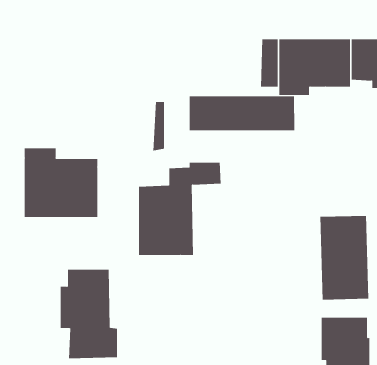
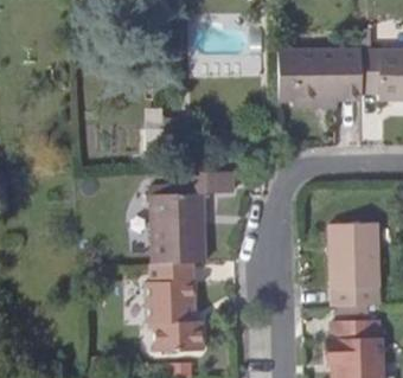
building: [189,96,295,131] -> none
building: [24,148,98,218] -> none
building: [60,269,118,359] -> [146,263,203,351]

